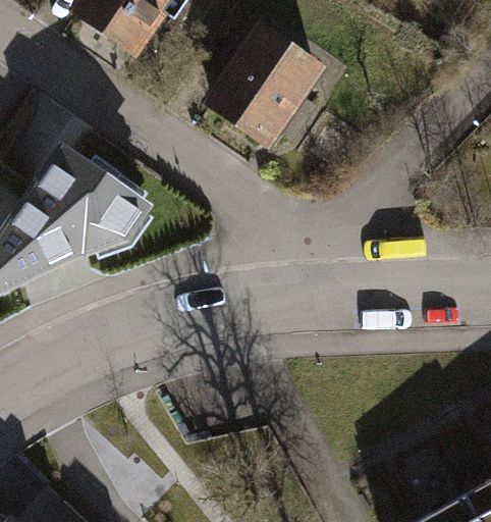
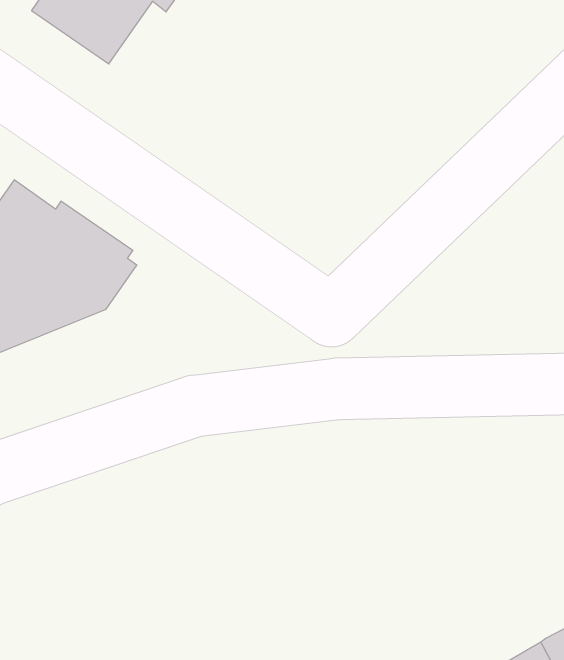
building: [213,36,314,143] -> none

